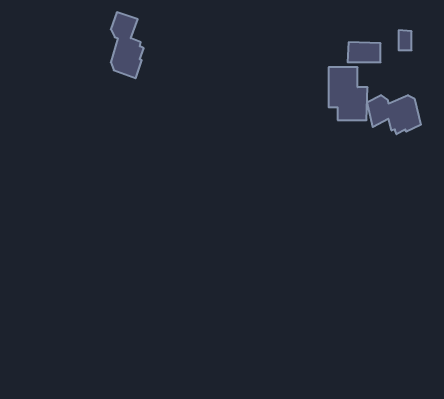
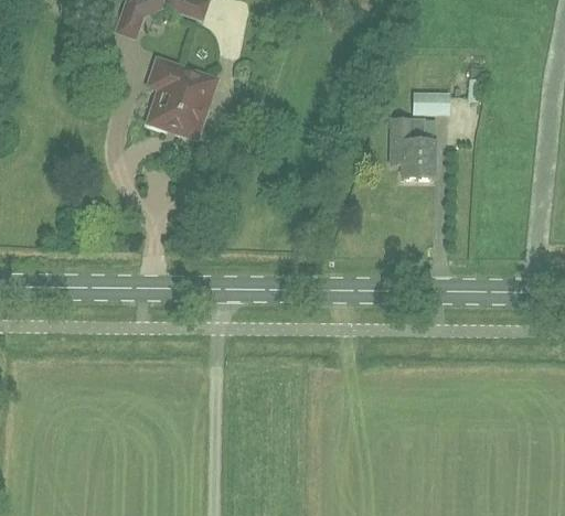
building: none -> [172,66,215,135]
building: [367,95,421,134] -> none

